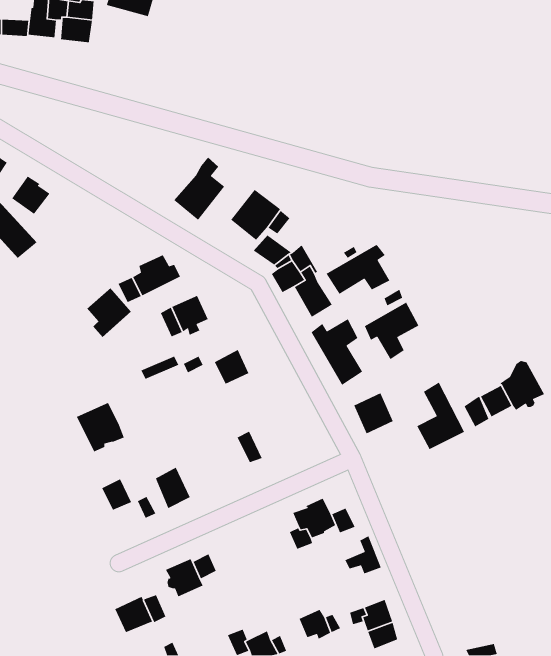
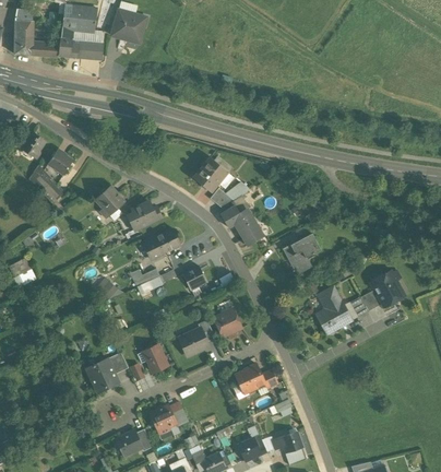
building: [173,157,225,221] -> none
building: [325,244,391,295] -> none
building: [86,287,132,338] -> [94,186,124,220]
building: [311,318,363,386] -> none
building: [353,392,394,435] -> [214,309,241,338]
building: [76,402,125,452] -> [85,358,118,392]
building: none -> [179,329,208,356]

